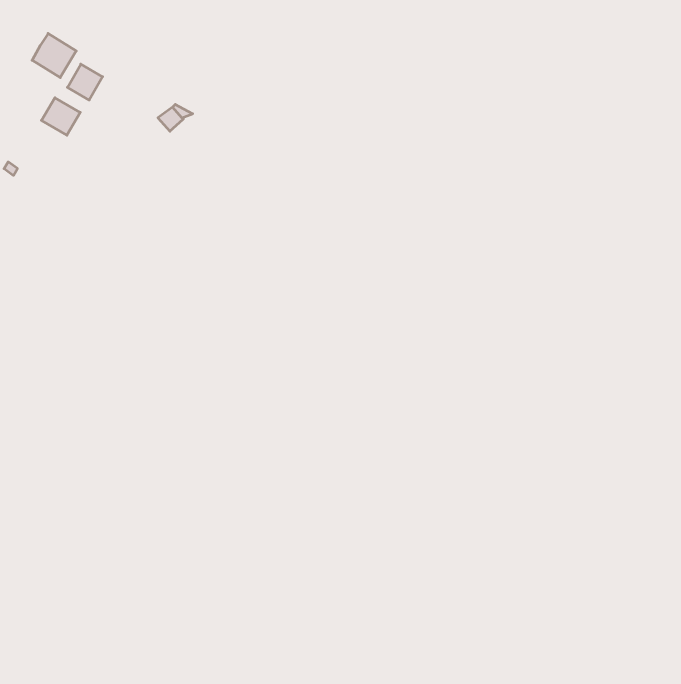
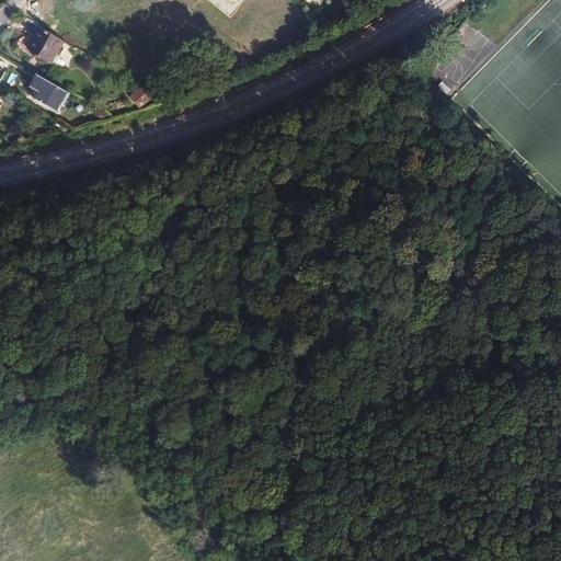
building: [67,64,103,100] -> none

